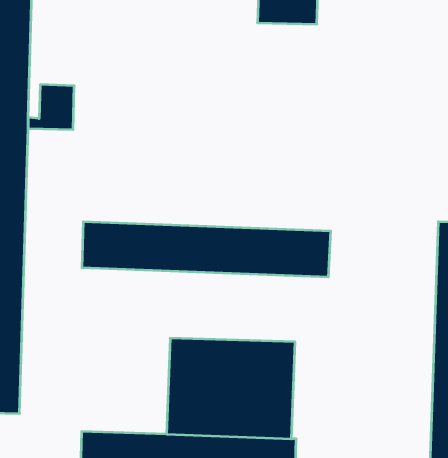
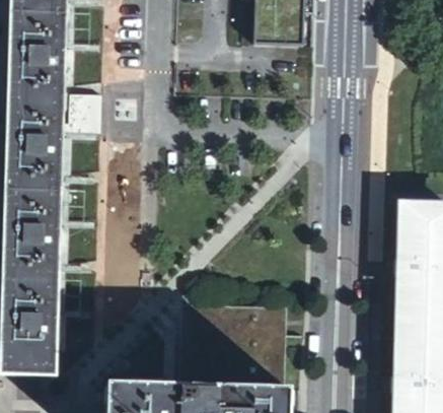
building: [82,222,331,277] -> none

